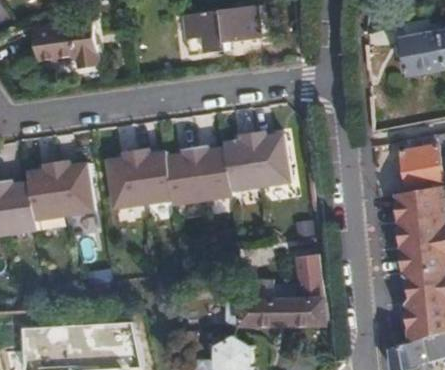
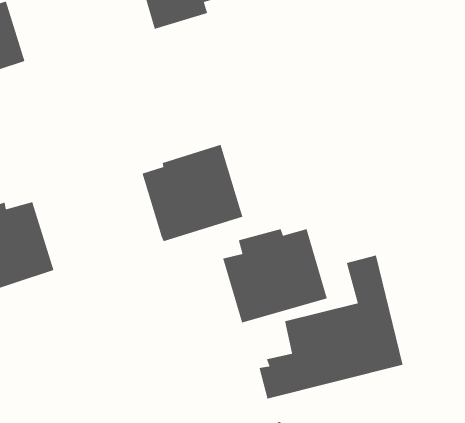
building: [223,131,291,192] -> [222,228,328,323]
building: [103,148,171,211] -> none

